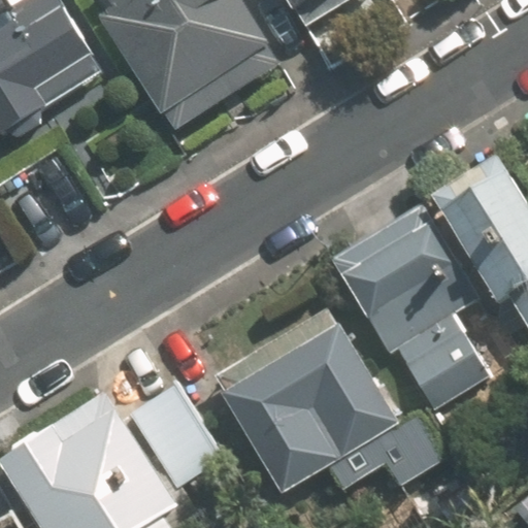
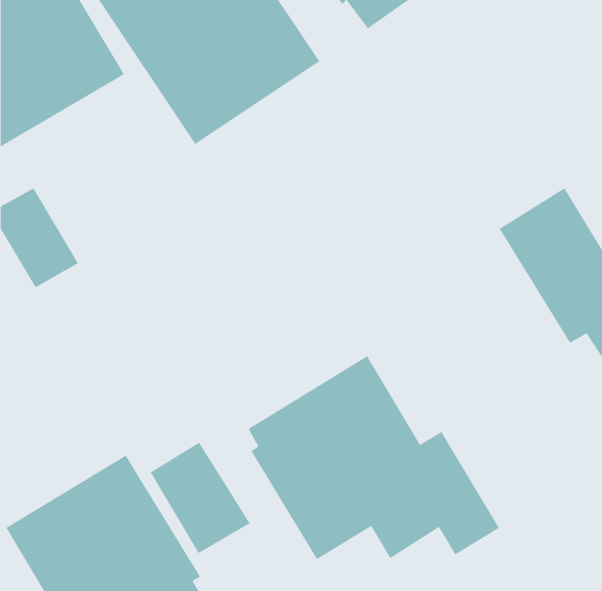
building: [338,212,495,406] -> none

